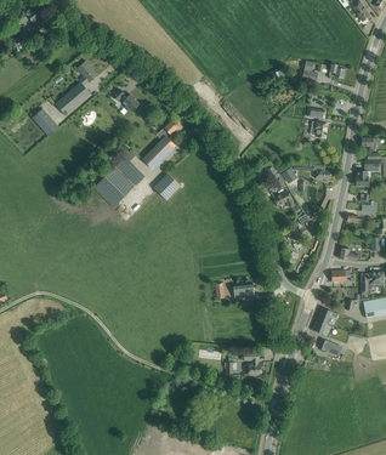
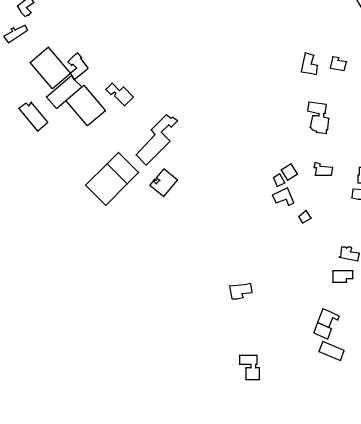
building: none -> [30,47,71,89]
building: none -> [66,85,105,126]

